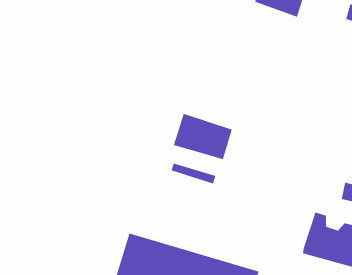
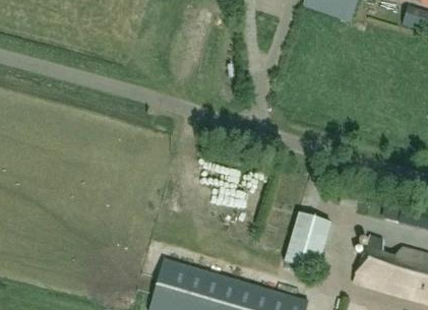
building: [173,113,233,160] -> none
building: none -> [284,213,331,272]

